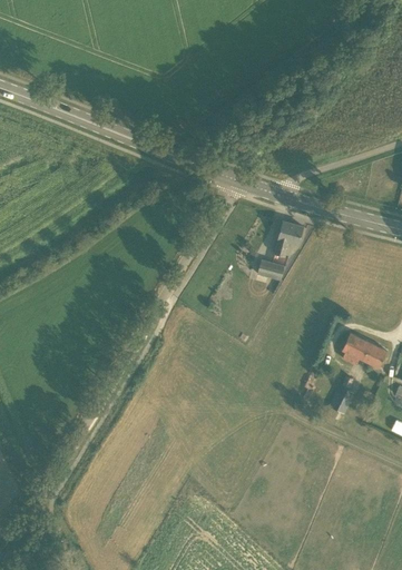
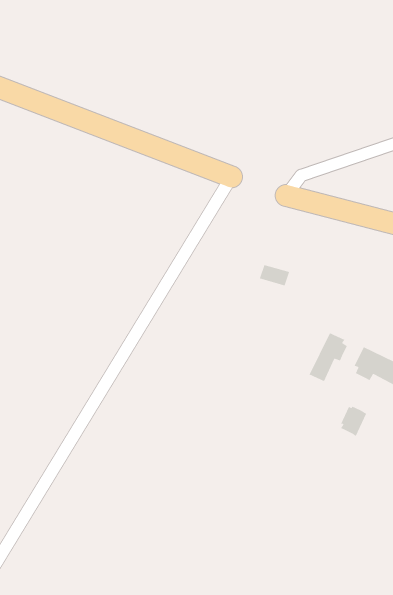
building: [274,222,303,256] -> none
building: none -> [309,332,348,382]

